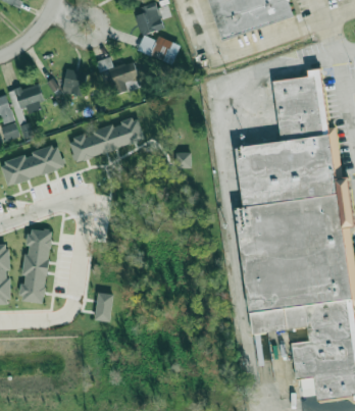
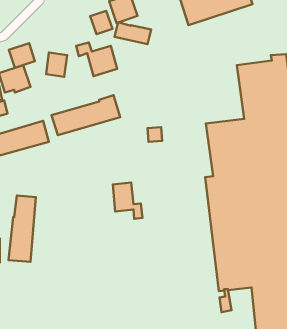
building: none -> [90,11,113,34]
building: none -> [9,43,35,68]
building: none -> [113,182,142,219]
building: [93,293,111,321] -> none

